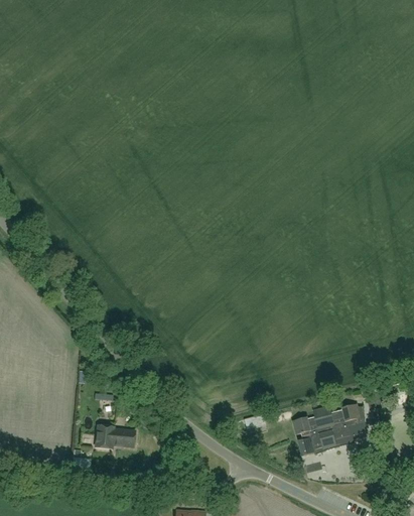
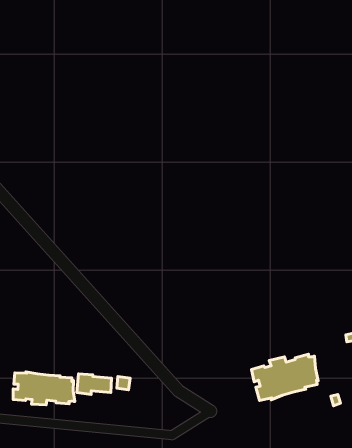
building: none -> [13,372,75,405]

